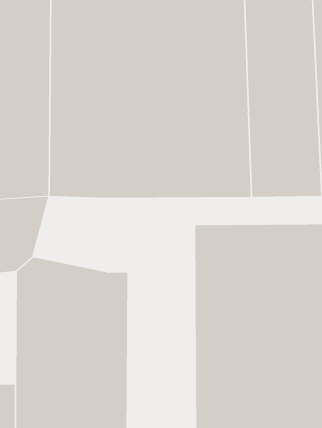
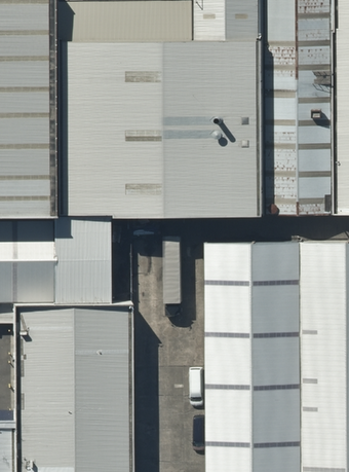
building: none -> [37,215,117,296]

